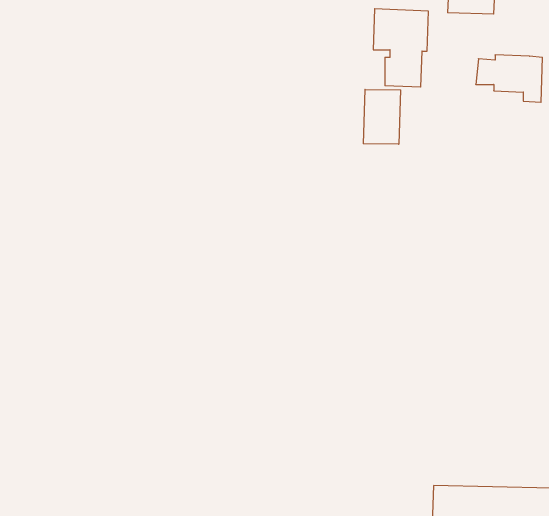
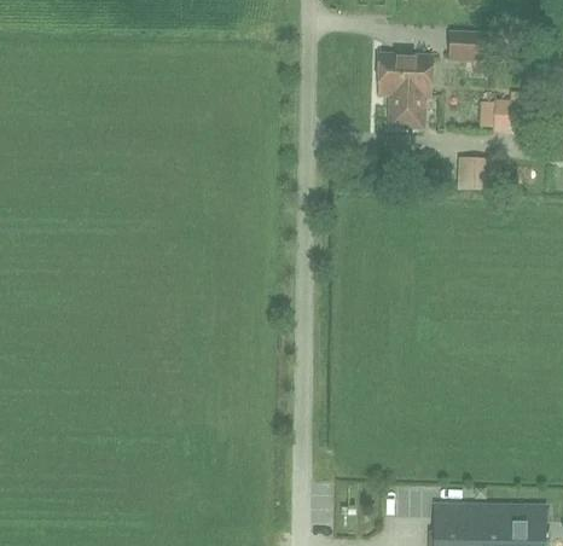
building: [363,89,401,144] -> none
building: none -> [458,152,484,186]

